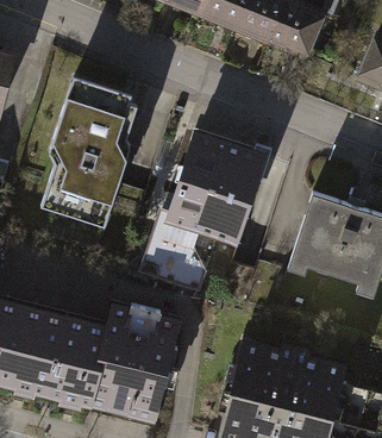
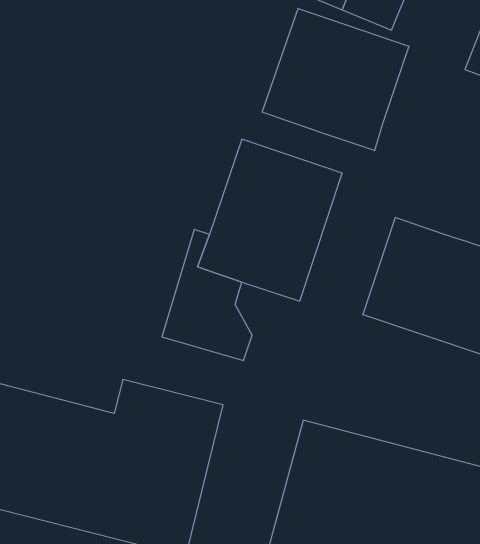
building: none -> [262,8,409,151]
building: [40,79,138,230] -> none

